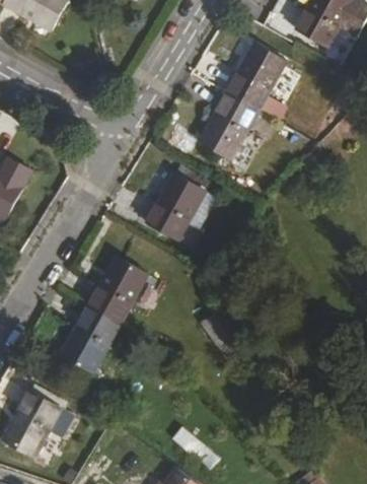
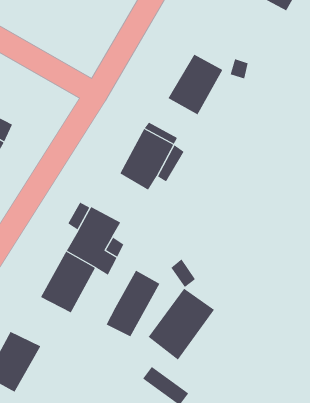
building: [225,44,285,110] -> none
building: none -> [106,270,160,337]
building: none -> [148,288,215,361]

